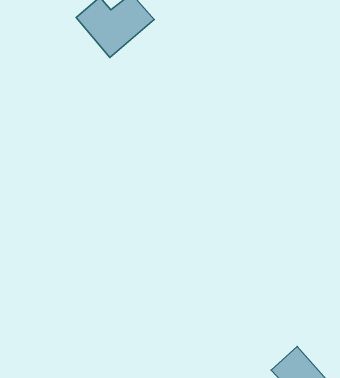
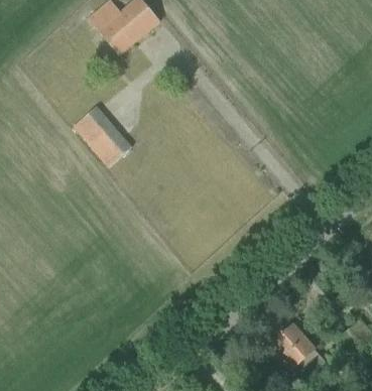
building: none -> [74,107,131,166]

